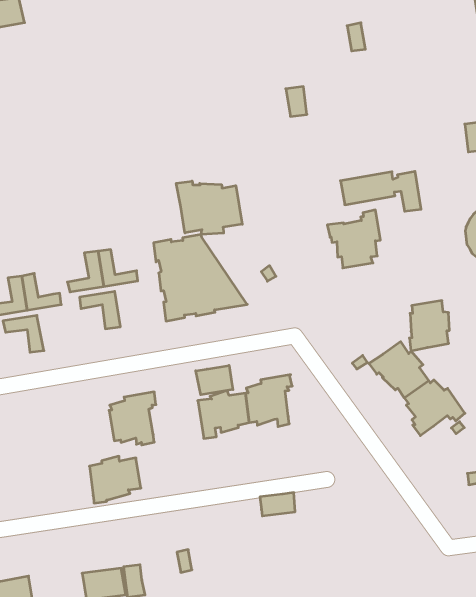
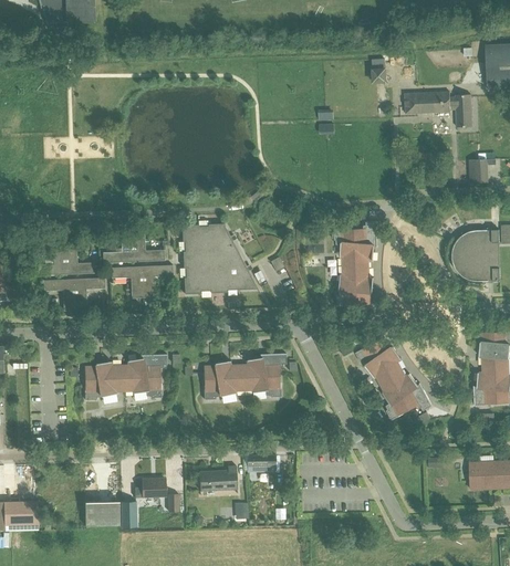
building: [340,171,421,211] -> [406,92,472,127]
building: [176,181,242,234] -> none
building: none -> [144,262,175,294]
building: [409,301,449,351] -> [337,266,374,306]
building: none -> [74,274,105,306]
building: [196,365,233,395] -> none
building: [89,456,141,503] -> [85,361,127,399]
building: none -> [198,465,238,491]
building: none -> [136,479,167,497]

